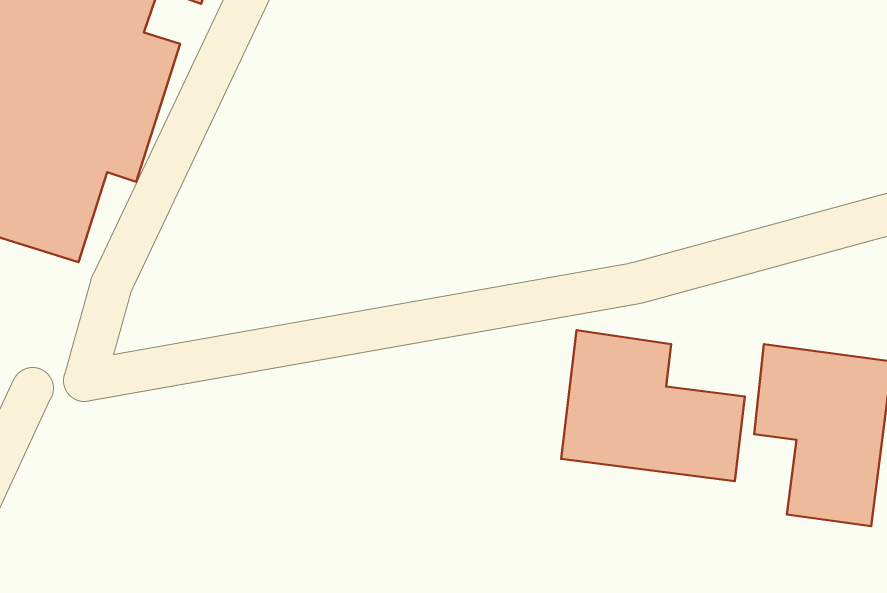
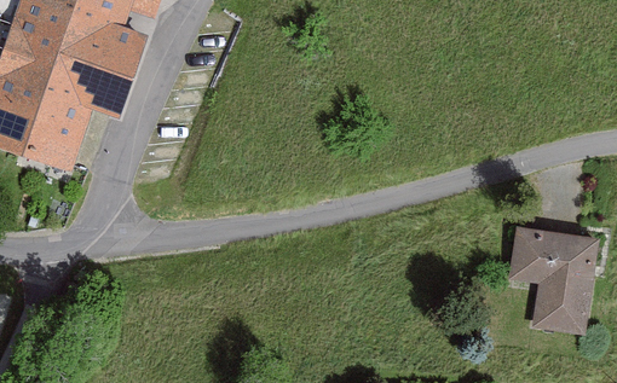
building: [561,330,745,481] -> none

